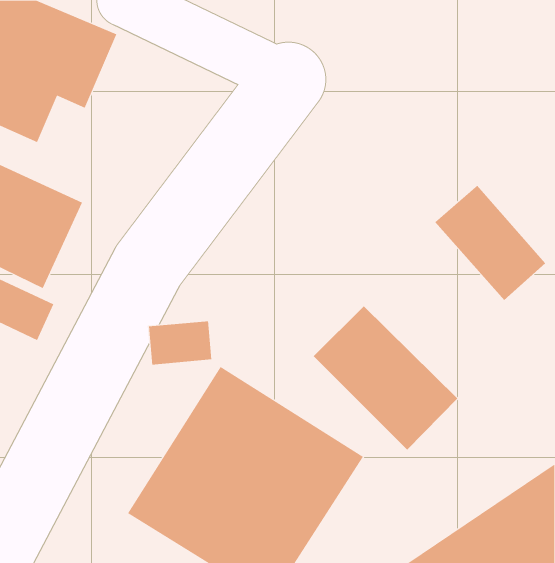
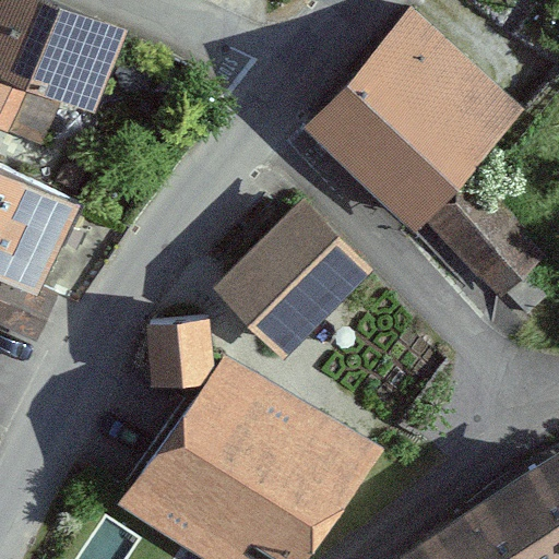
building: none -> [316,11,516,213]
building: none -> [216,206,364,355]
building: [313,305,458,450] -> none

